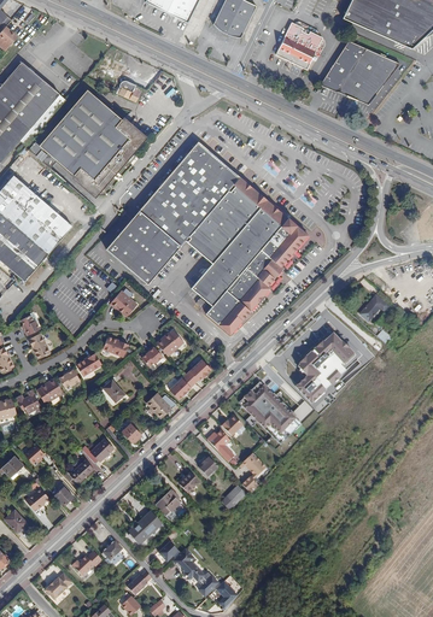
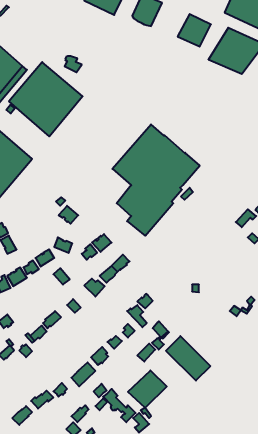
building: [106,141,239,283] -> none
building: [296,329,362,402] -> none
building: [238,381,300,443] -> [166,336,210,381]
building: none -> [128,370,167,408]

